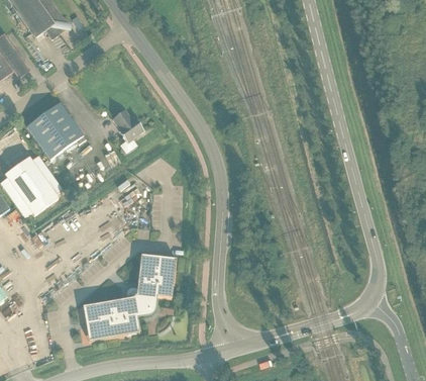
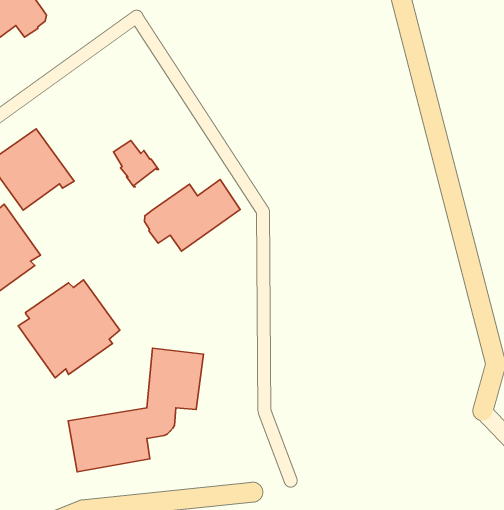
building: none -> [144,179,240,251]
building: none -> [18,280,120,378]

